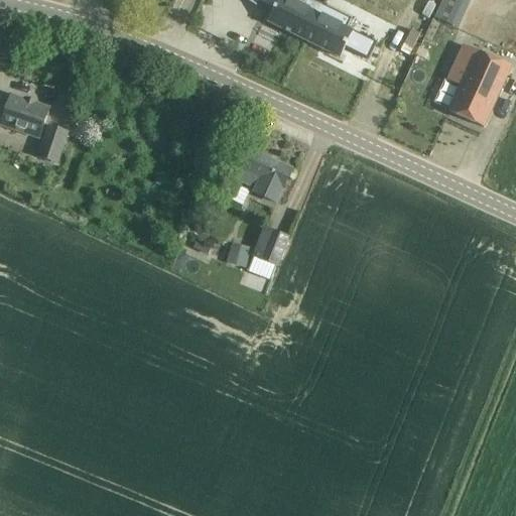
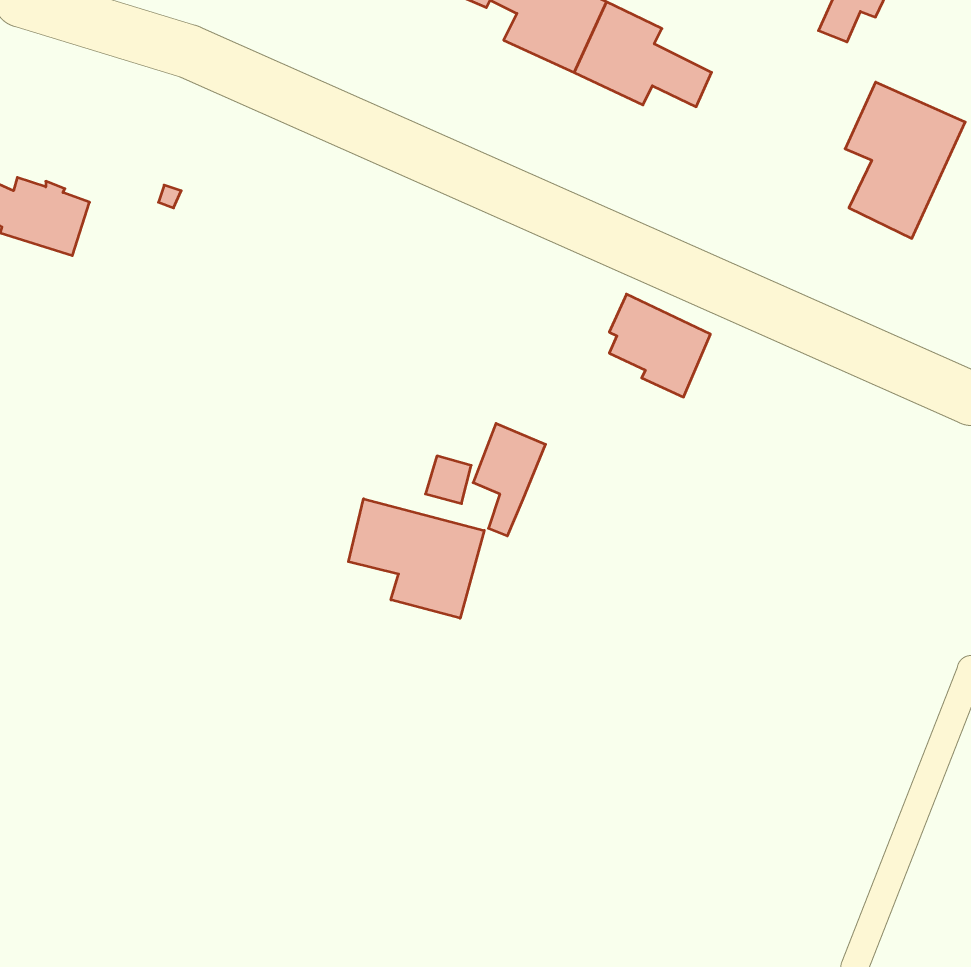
building: [37,124,66,160] -> none
building: [236,146,289,201] -> [609,294,710,397]
building: none -> [348,499,484,618]

